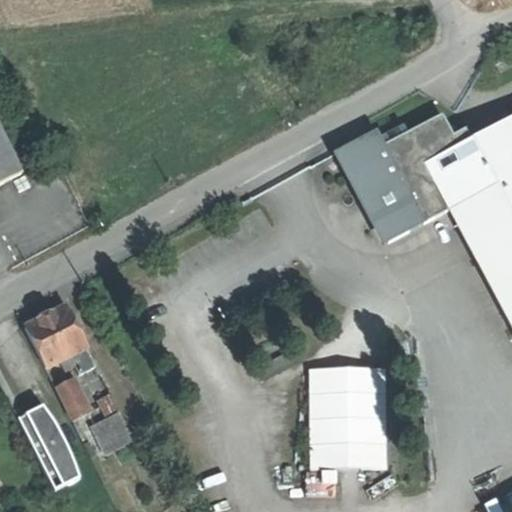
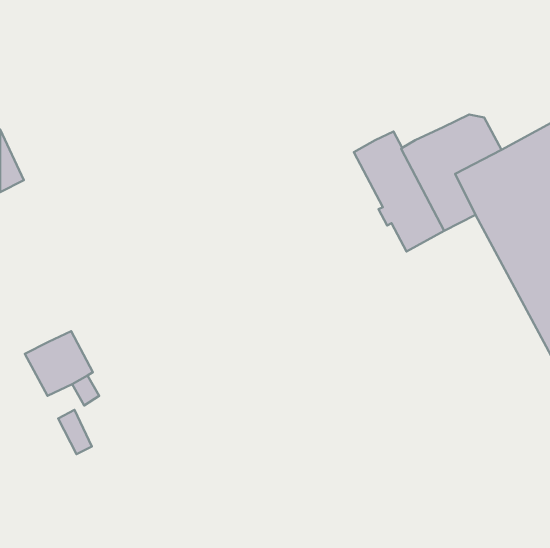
building: [314,363,395,466] -> none
building: [18,405,78,491] -> none
building: [92,417,128,456] -> none

